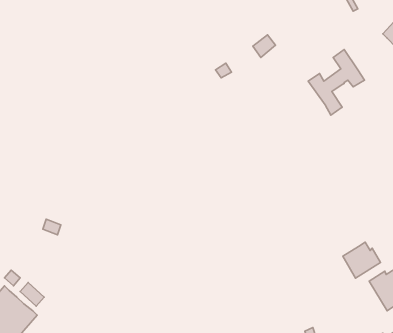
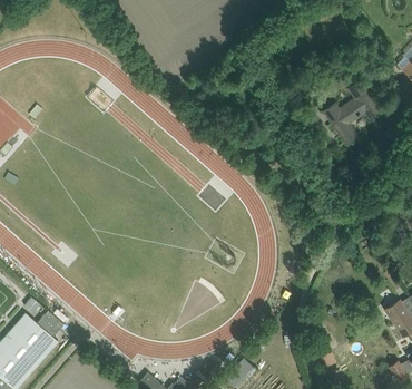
building: [343,242,381,278] -> none

